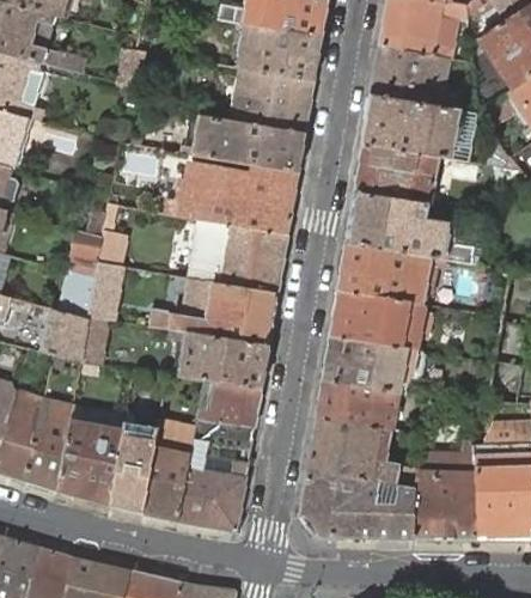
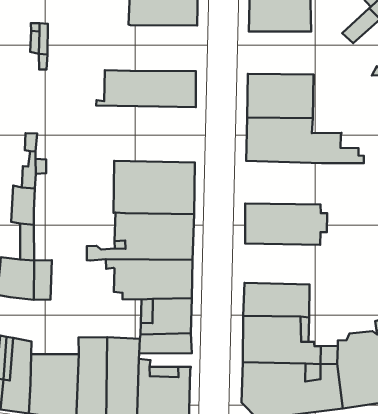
building: [231,68,315,132] -> none
building: [364,96,456,157] -> none
building: [164,165,299,234] -> none
building: [338,242,433,304] -> none
building: [90,262,122,321] -> none
building: [324,335,423,393] -> none

